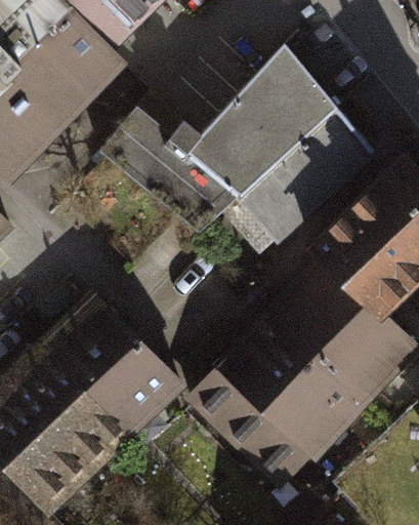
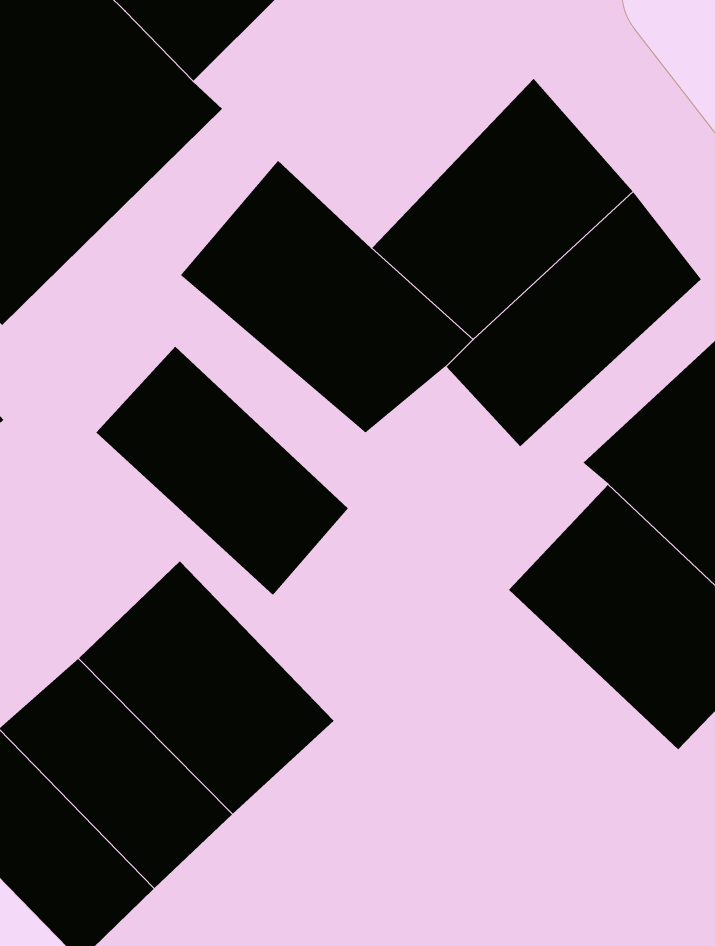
building: none -> [96,346,349,596]
building: [197,317,368,487] -> none

